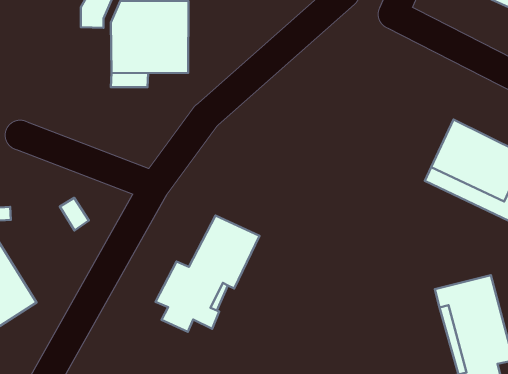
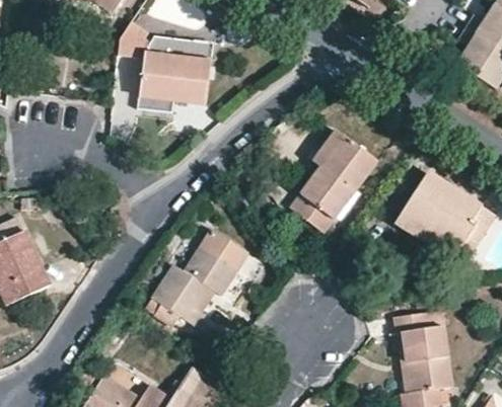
building: none -> [292,129,378,232]

